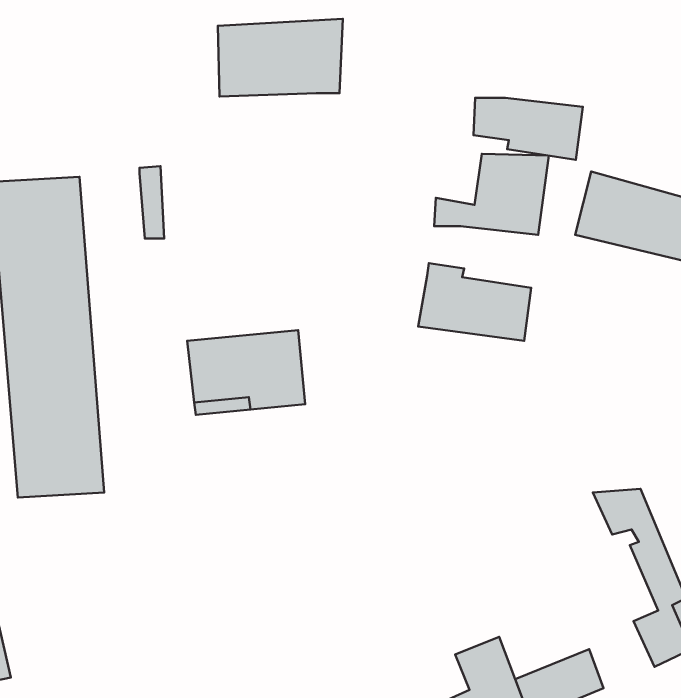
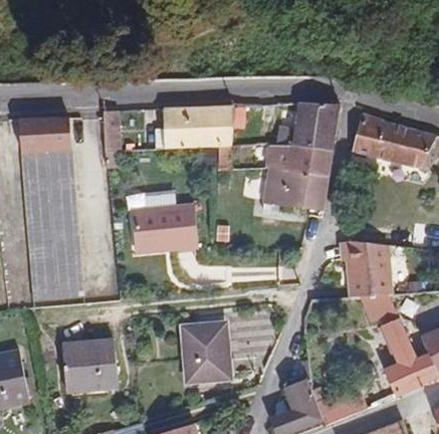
building: [218,19,343,97] -> [163,104,234,149]
building: [474,98,583,160] -> [268,146,331,181]
building: none -> [338,241,390,299]
building: none -> [182,322,230,383]
building: none -> [61,340,119,393]

